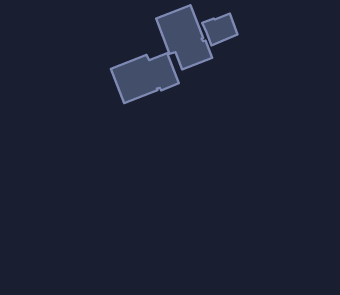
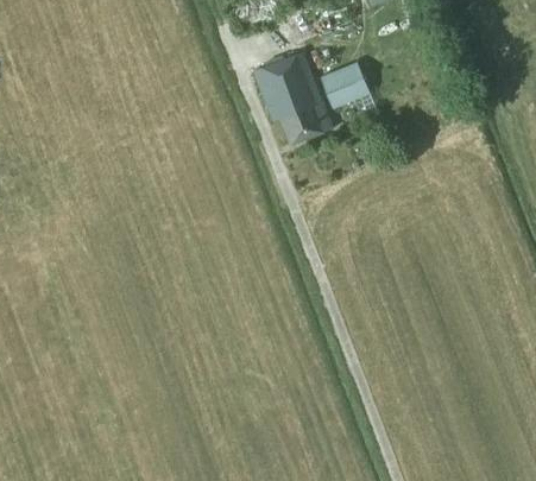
building: [111,53,179,103] -> none

